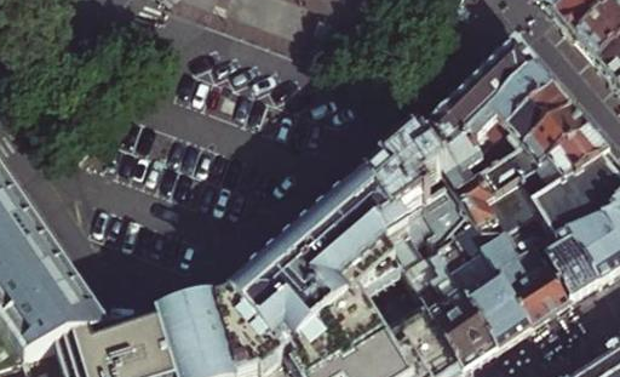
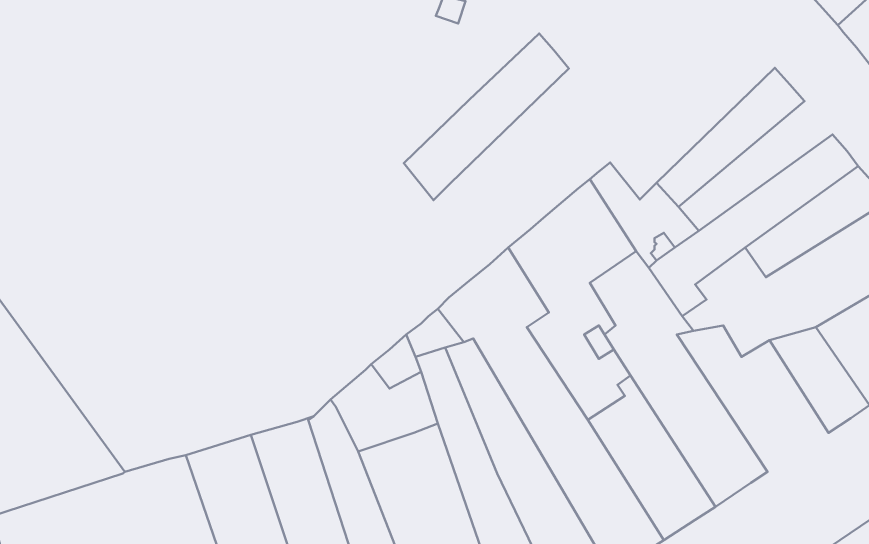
building: [429,36,536,145] -> [404,33,569,200]
building: [473,81,574,166] -> none
building: [472,228,572,324] -> none

